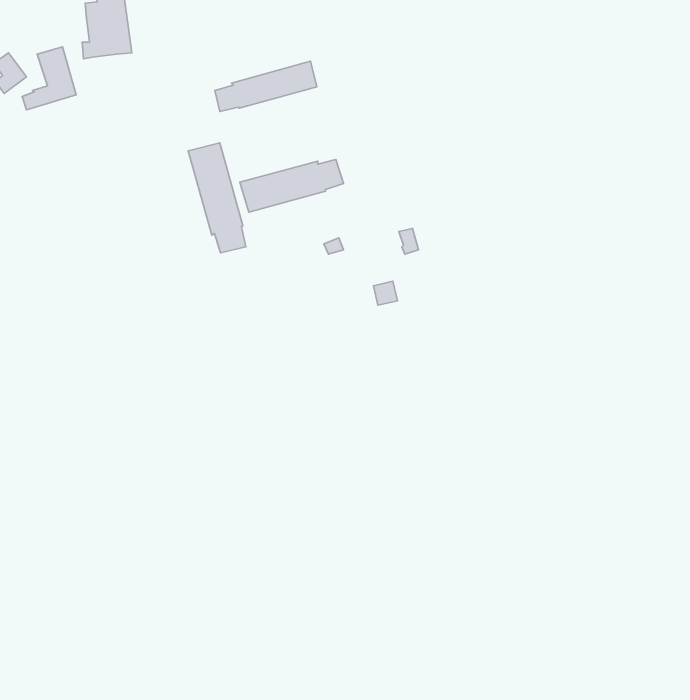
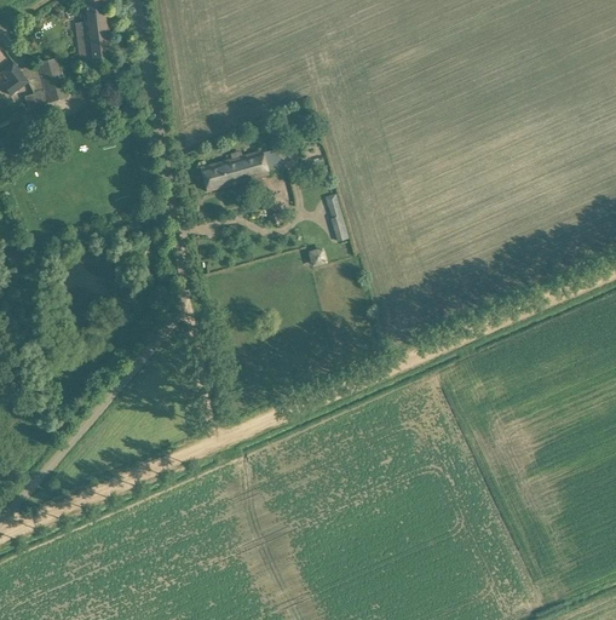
building: [215,61,317,111] -> none
building: [188,143,246,253] -> none

